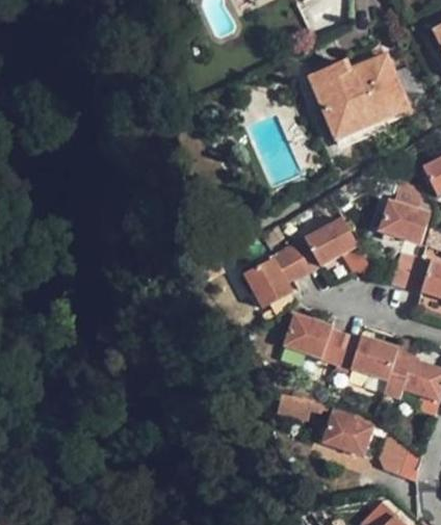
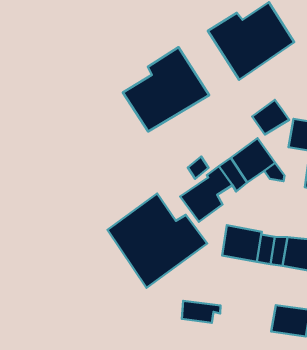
building: none -> [123,47,209,132]
building: none -> [252,100,289,134]
building: none -> [108,193,207,288]
building: [273,395,320,426] -> [182,301,220,323]

